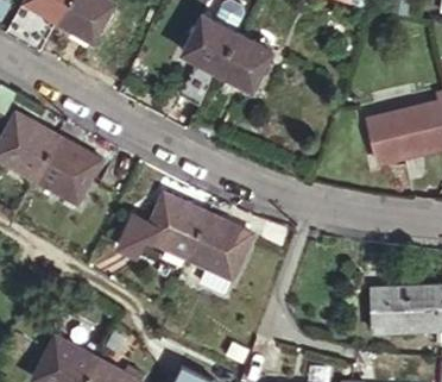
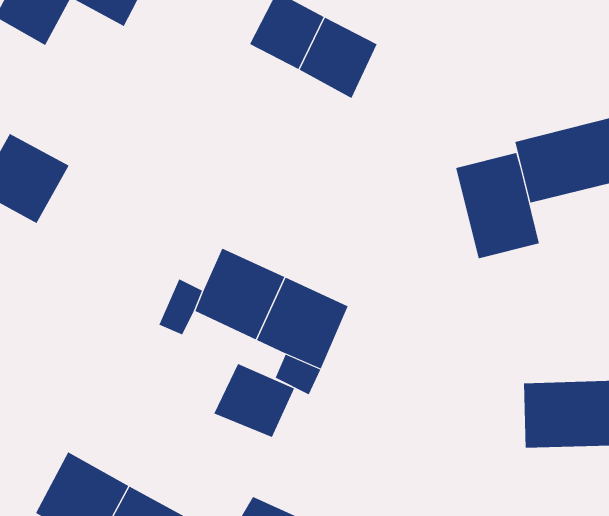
building: none -> [456,152,540,259]
building: [34,137,100,201] -> none
building: none -> [214,363,295,438]

